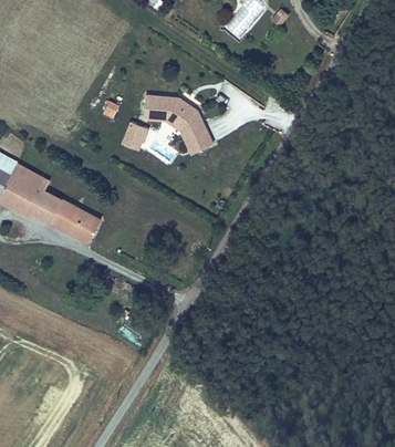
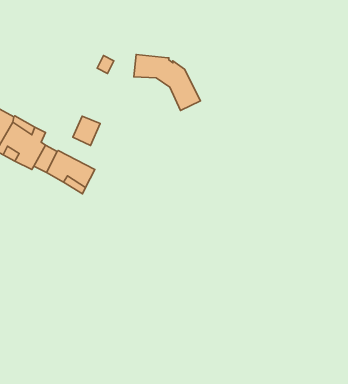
building: [123,119,152,150] -> [73,116,100,146]

